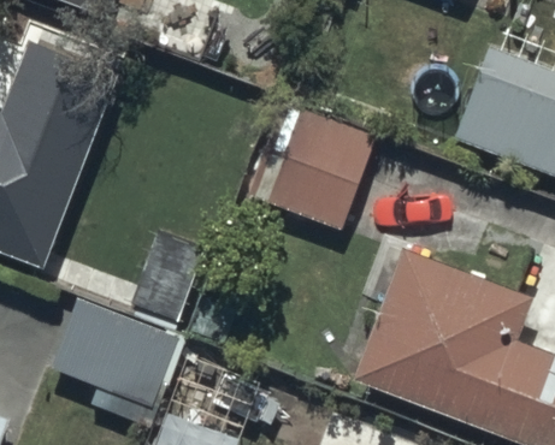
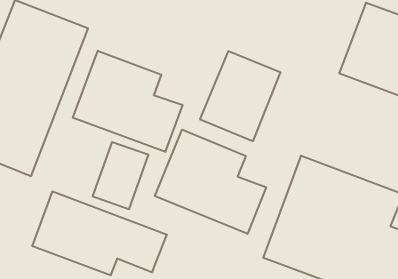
building: none -> [73,51,182,152]
building: none -> [155,130,266,234]

